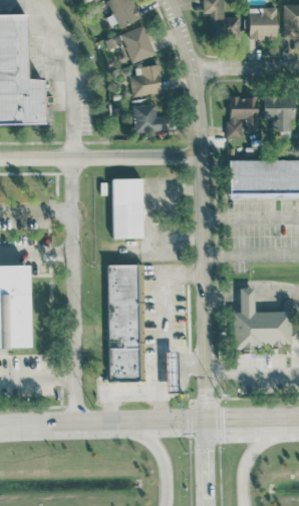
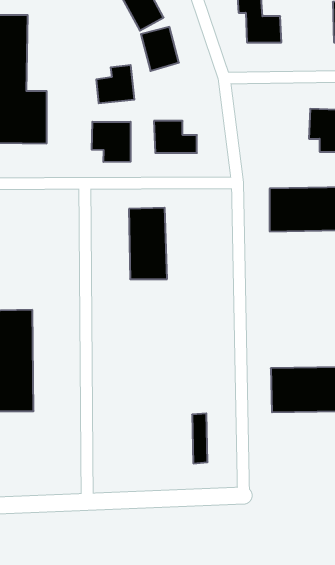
building: [249,7,278,38] -> none
building: [130,63,163,95] -> [96,65,134,103]
building: [229,96,259,137] -> none
building: none -> [92,122,131,162]
building: [107,265,142,383] -> none

